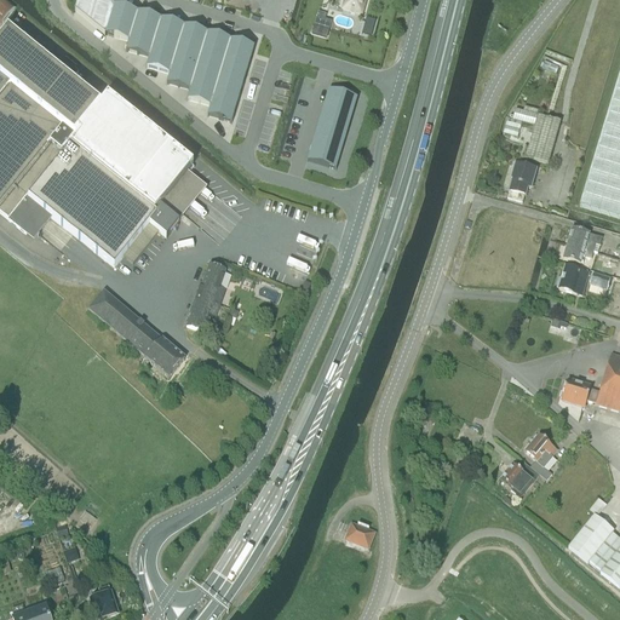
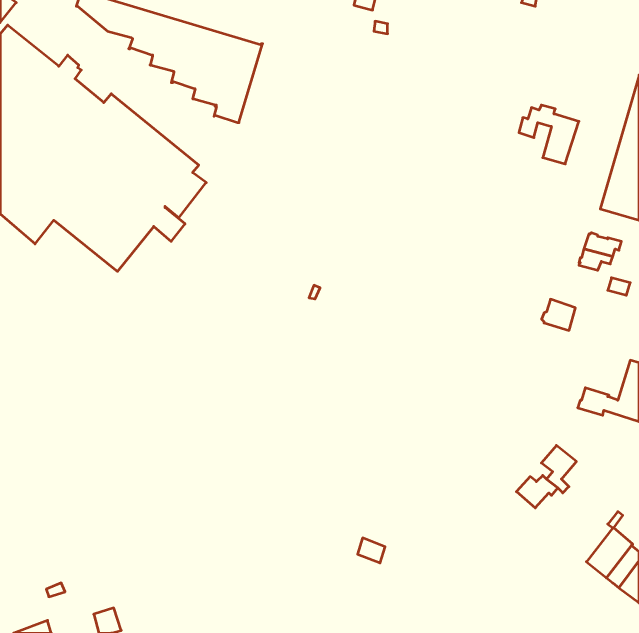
building: [308,87,358,165] -> none
building: [506,160,535,199] -> none
building: [188,259,226,327] -> none
building: [555,262,587,292] -> [542,299,575,330]
building: [90,286,186,372] -> none

